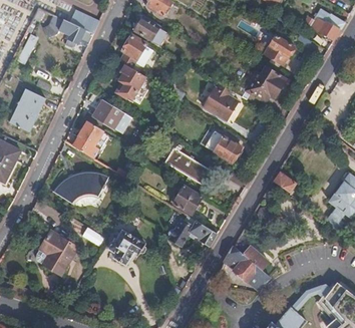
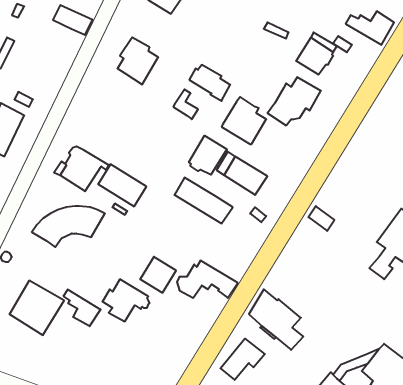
building: [44,14,94,45] -> none
building: [133,16,166,45] -> [189,65,230,101]
building: [116,63,147,99] -> none
building: [93,98,132,132] -> [98,164,146,206]
building: none -> [189,136,227,175]
building: [173,185,203,214] -> [140,257,176,293]
building: none -> [64,289,101,326]
building: none -> [220,339,265,380]

